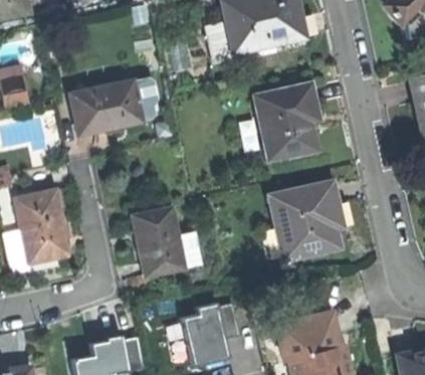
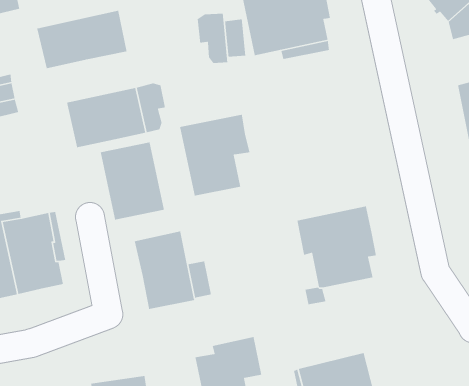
building: none -> [36,10,127,69]
building: none -> [197,13,228,64]
building: [256,86,318,159] -> [179,114,250,196]
building: none -> [100,142,165,220]

